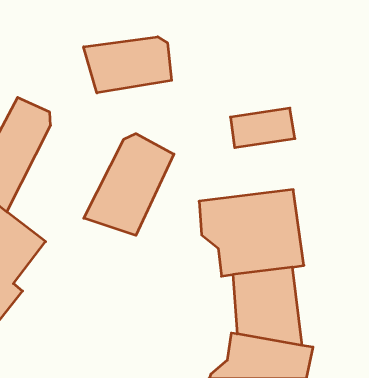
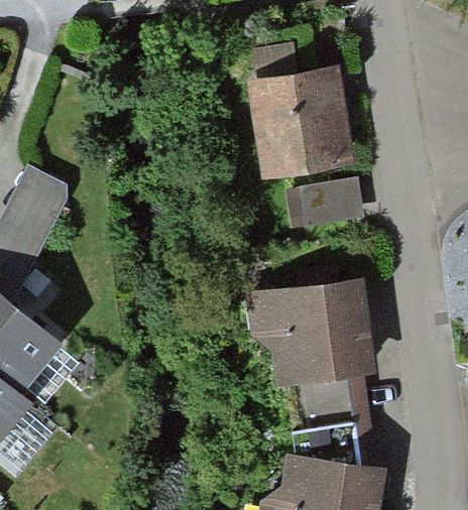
building: none -> [249,69,353,177]
building: [84,37,172,93] -> none
building: [84,134,174,235] -> none

